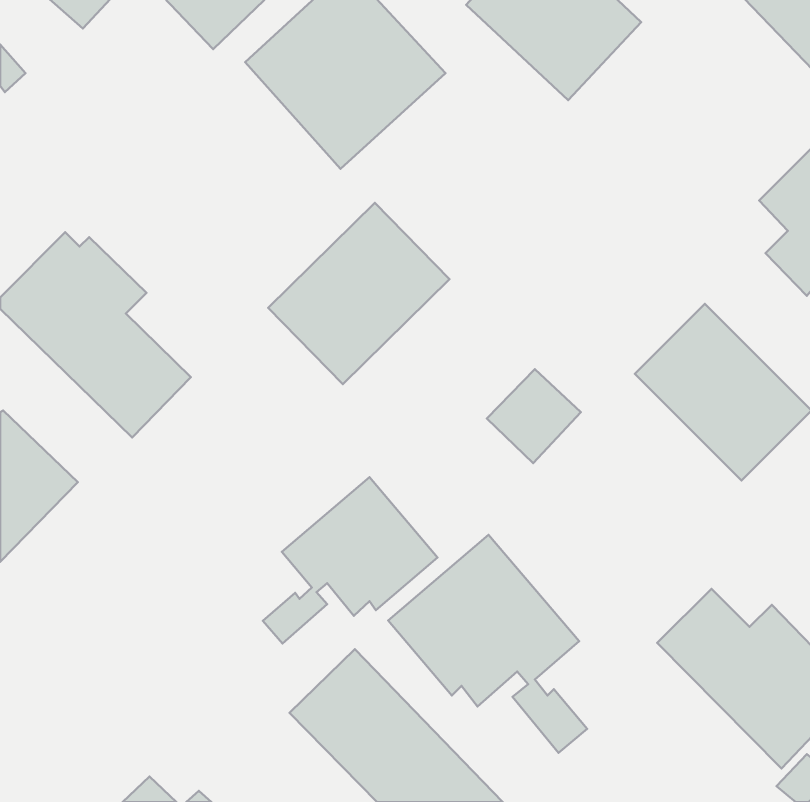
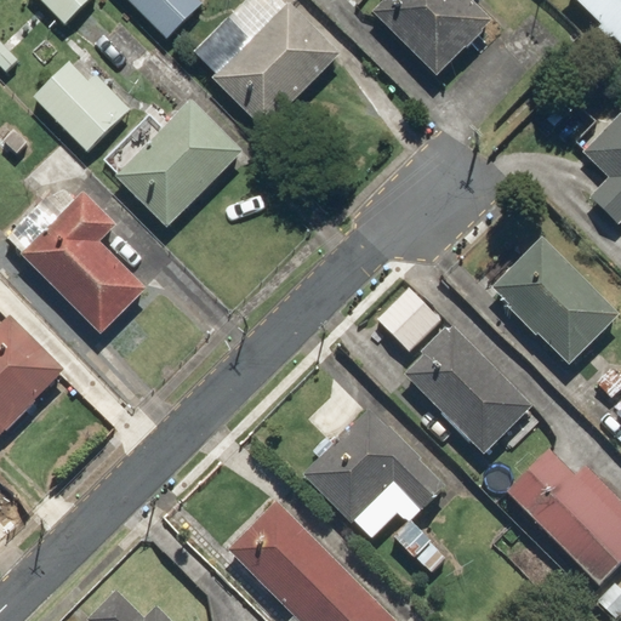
building: none -> [32,50,131,149]
building: [268,203,450,384] -> [109,92,247,230]
building: none -> [398,320,532,456]
building: [263,477,437,643] -> none

